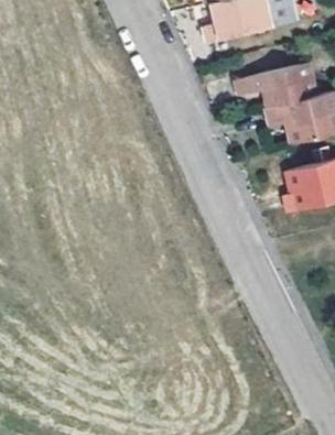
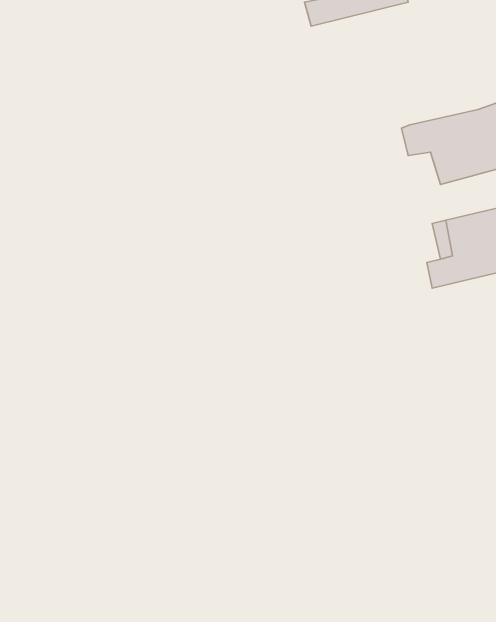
building: [237,62,317,106] -> none

